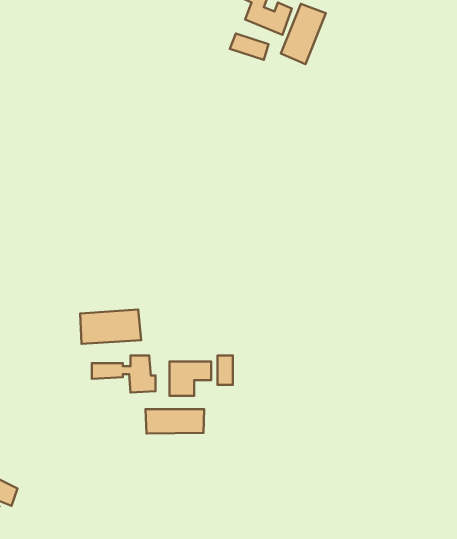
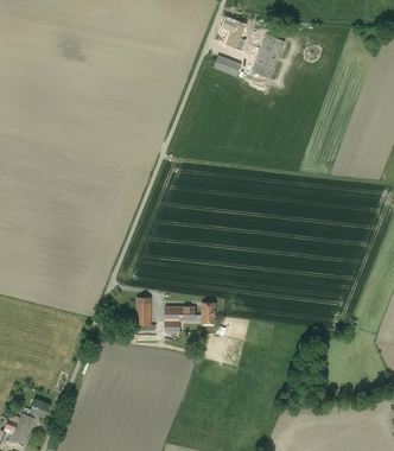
building: [80,309,141,344] -> none
building: [145,409,204,433] -> none

